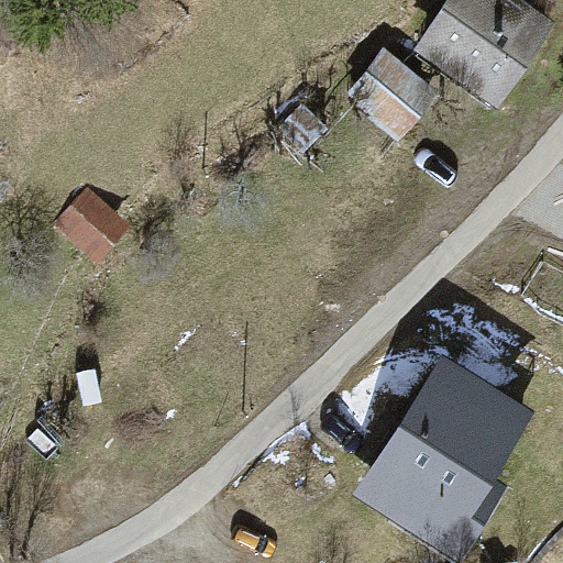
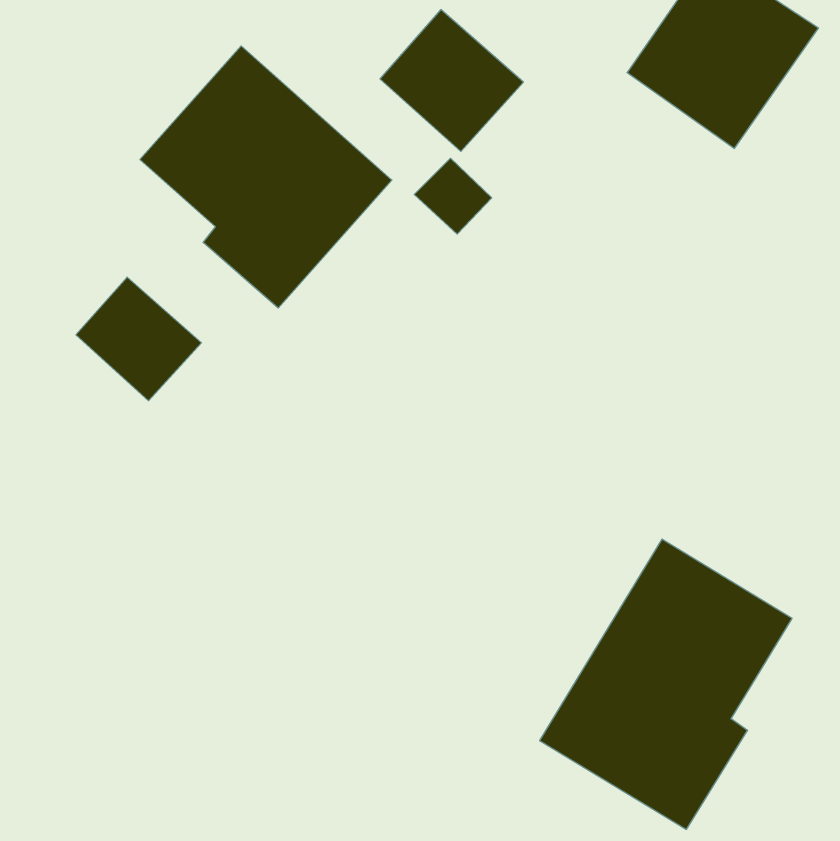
building: none -> [140,46,392,308]
building: [344,49,440,144] -> [380,10,523,151]

